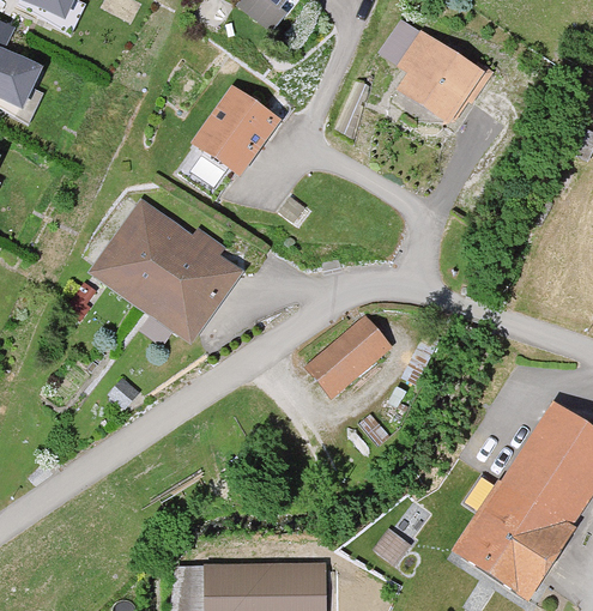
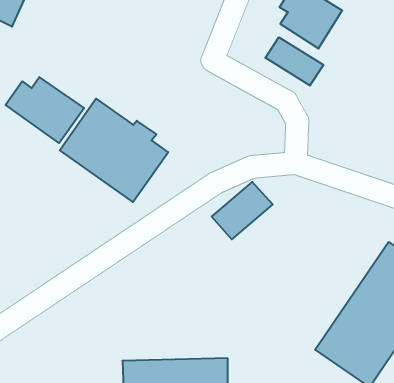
building: [193,90,280,179] -> none
building: none -> [265,37,323,86]
building: none -> [6,77,84,143]

